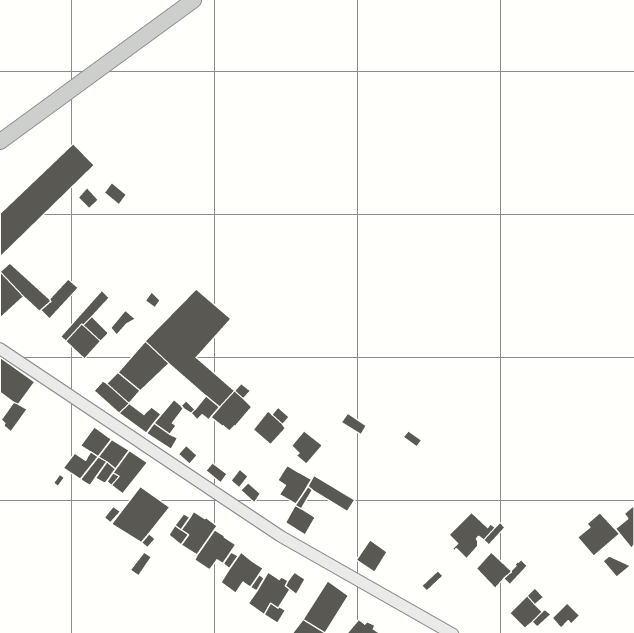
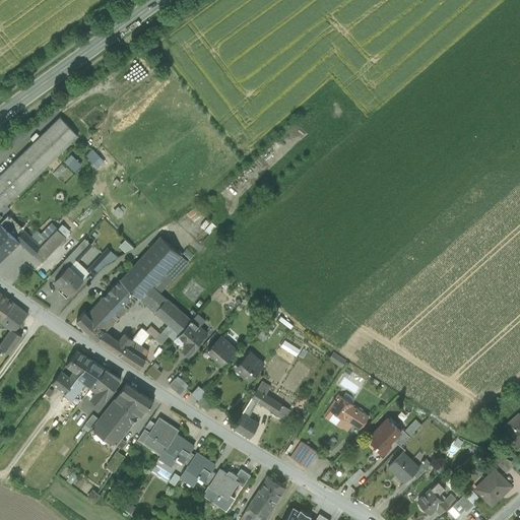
building: [278,465,312,504] -> none
building: none -> [115,383,152,417]
building: none -> [328,395,369,430]
building: [577,513,620,556] -> [476,471,511,507]

